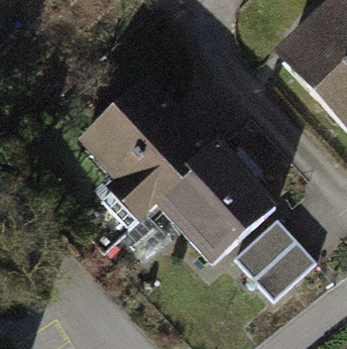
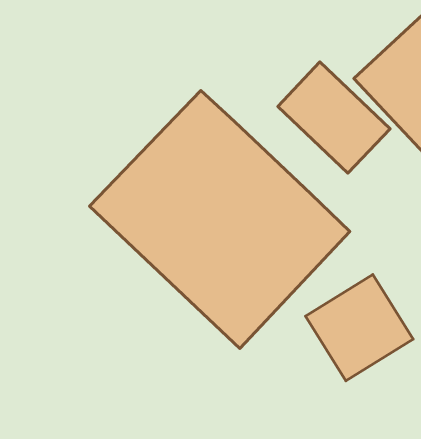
building: none -> [278,62,390,173]

